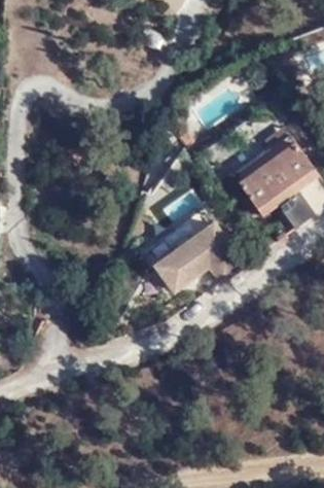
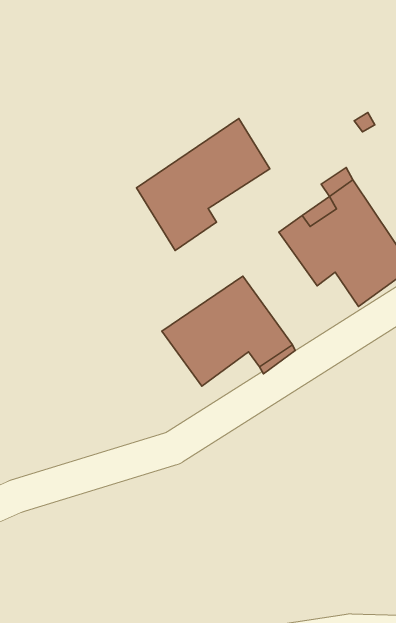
building: none -> [137,118,270,251]

